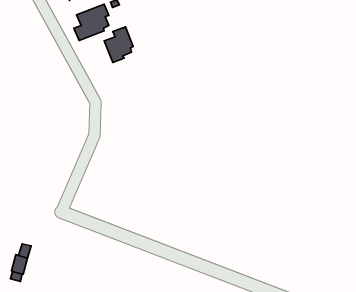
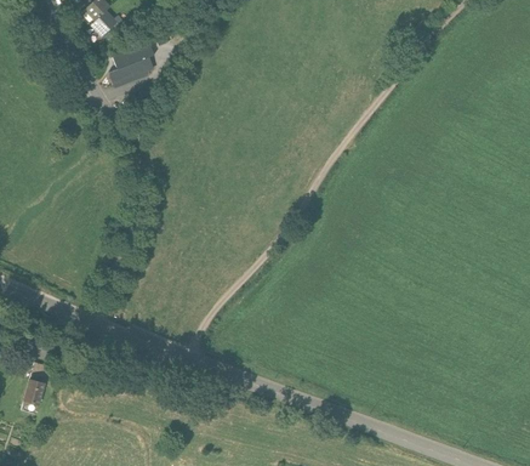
building: [104,27,133,63] -> none

